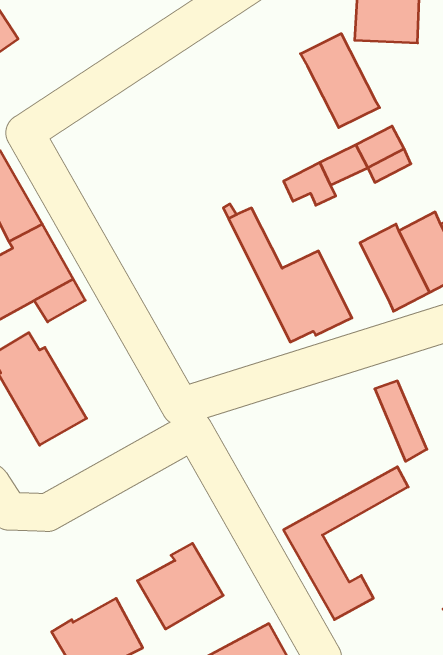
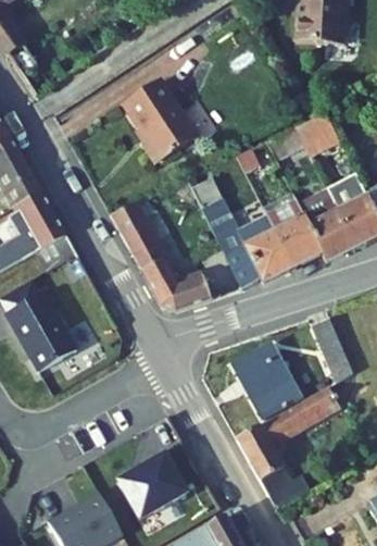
building: [300,34,380,128] -> none
building: none -> [123,78,197,162]
building: none -> [265,197,322,266]
building: none -> [110,202,212,310]
building: none -> [233,344,301,419]

